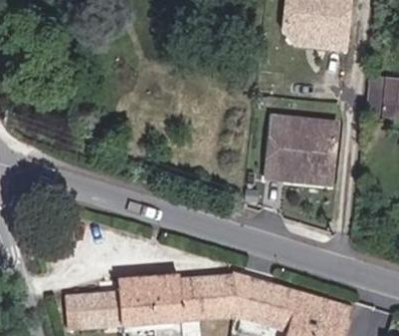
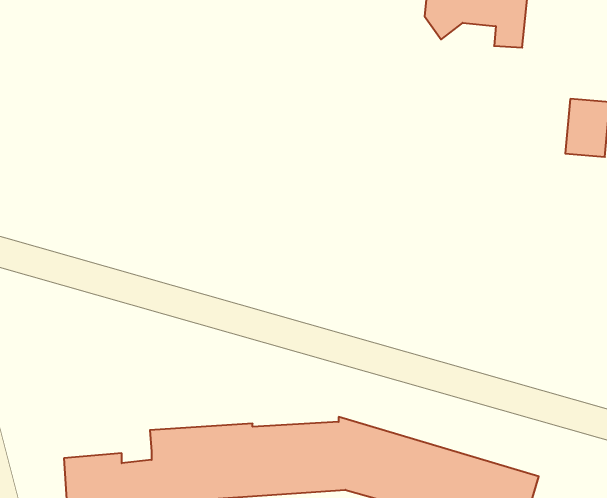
building: [267,117,336,180] -> none

